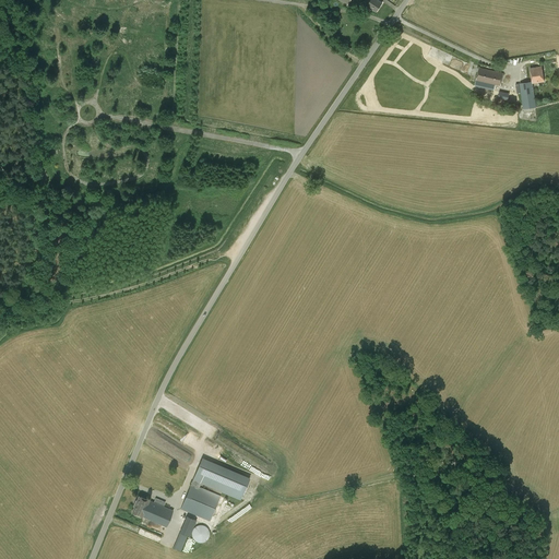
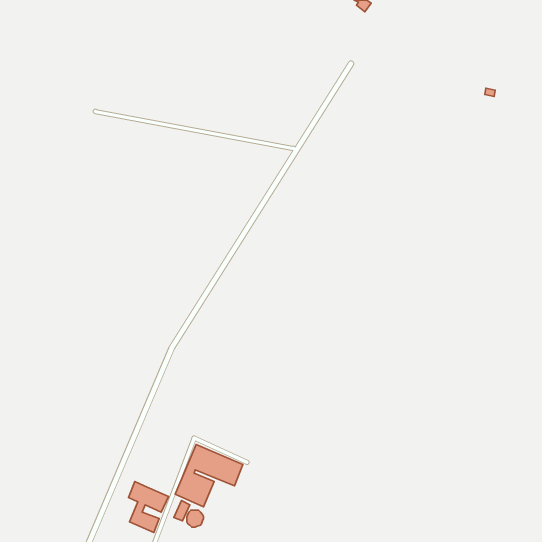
building: [520,67,544,109] -> none
building: [475,68,503,91] -> none

